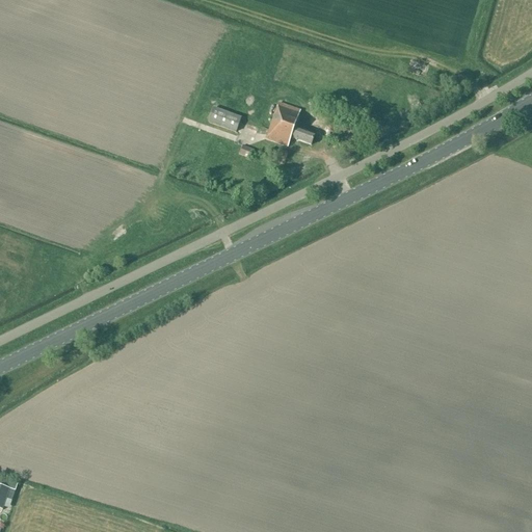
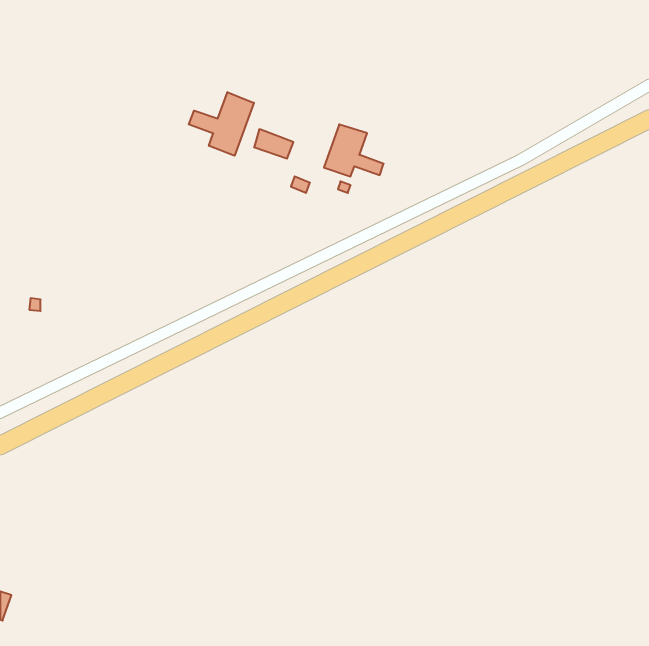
building: none -> [189,92,254,156]

